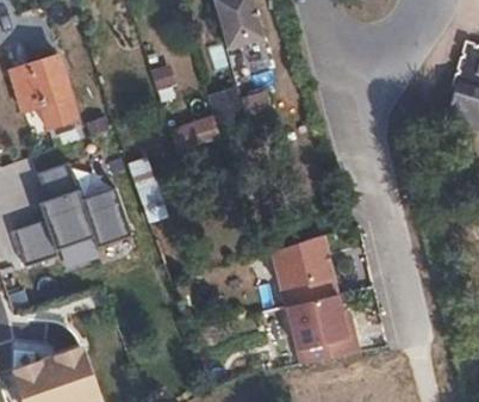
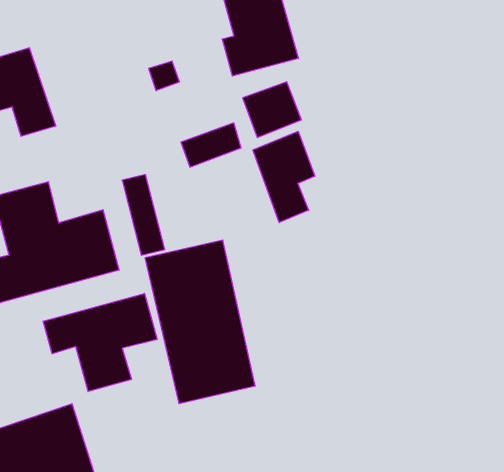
building: none -> [253,131,315,223]
building: [266,234,355,366] -> [145,240,255,404]
building: none -> [43,293,157,392]

